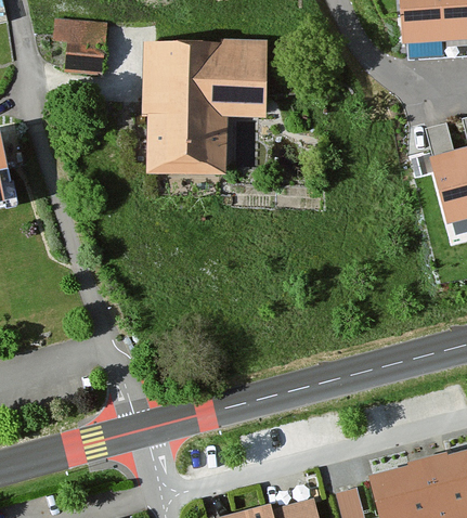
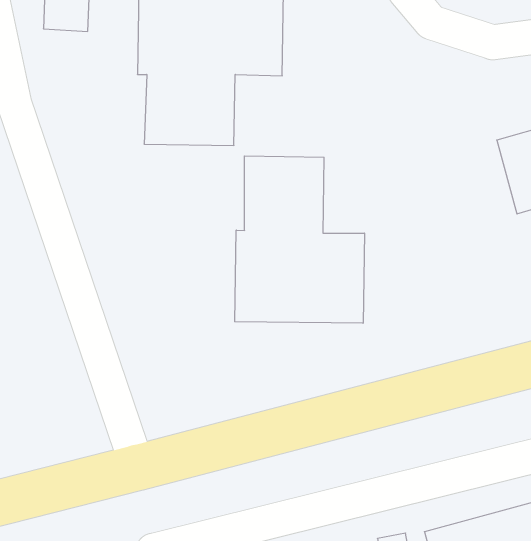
building: none -> [235,156,364,323]

